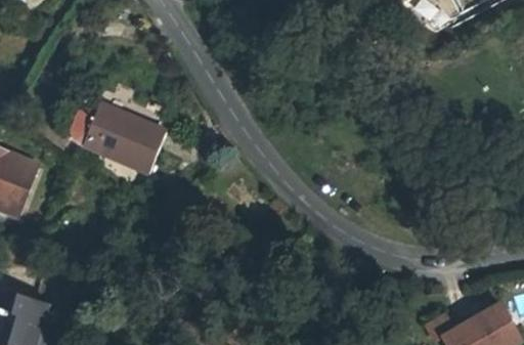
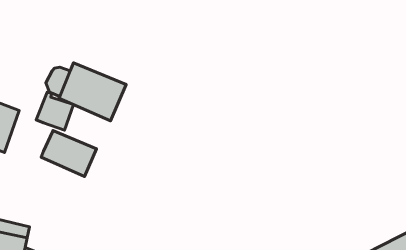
building: none -> [36,92,73,130]
building: none -> [41,130,96,176]

